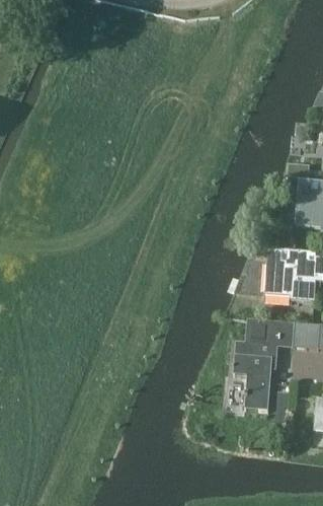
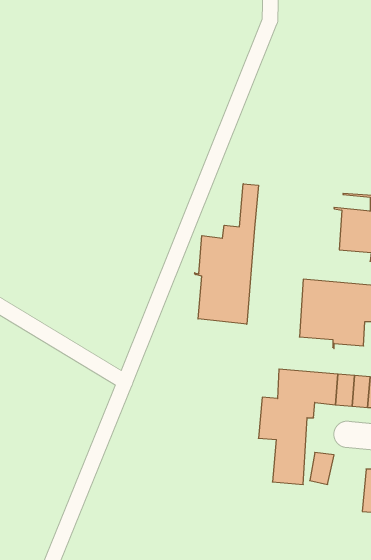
building: none -> [195,184,258,324]

